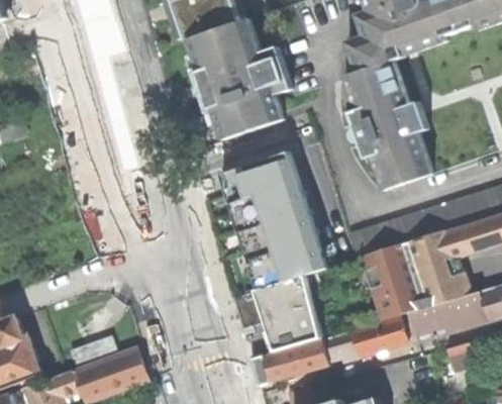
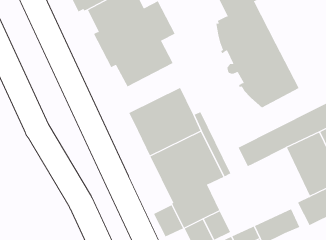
building: [364,243,424,319] -> none

